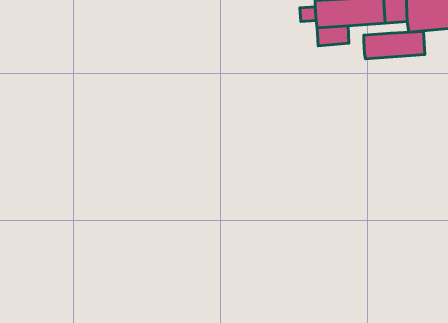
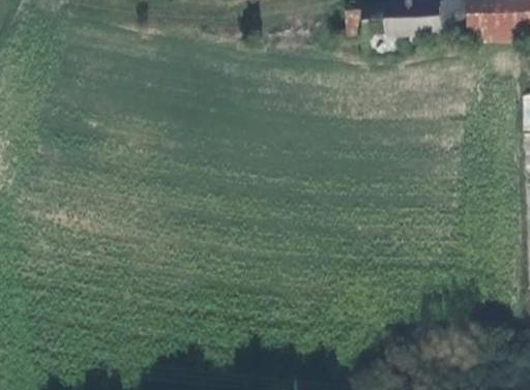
building: [364,31,425,59] -> none

